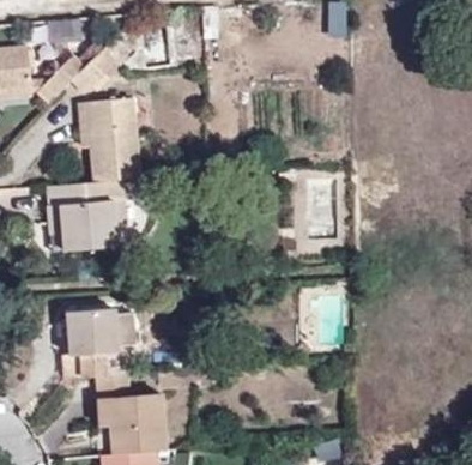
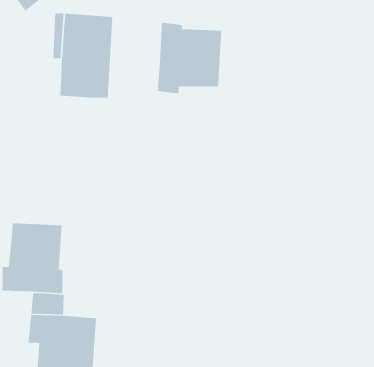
building: none -> [157,22,222,94]
building: [44,179,125,249] -> none

